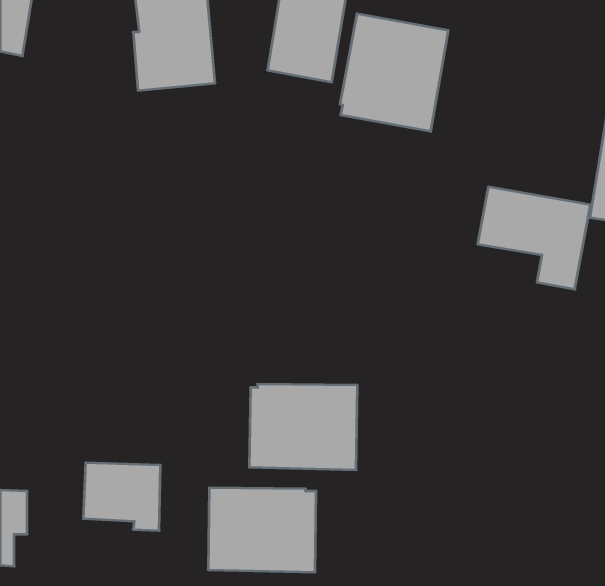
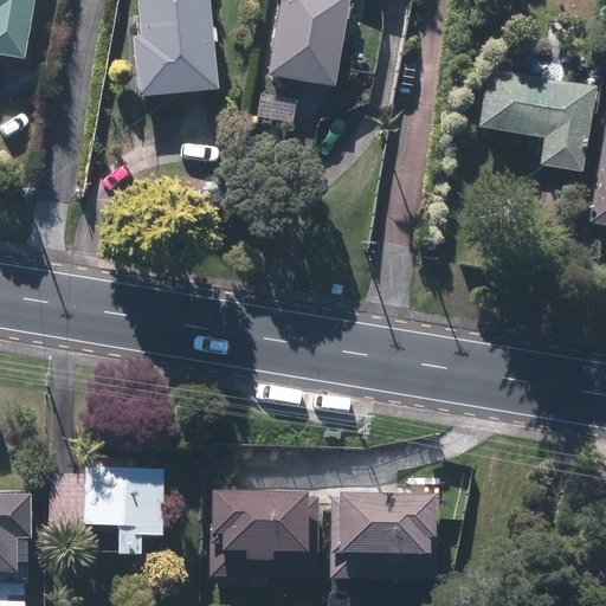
building: [340,14,448,132] -> none
building: [478,187,590,289] -> [482,69,594,170]
building: [249,384,357,470] -> [330,492,438,578]

